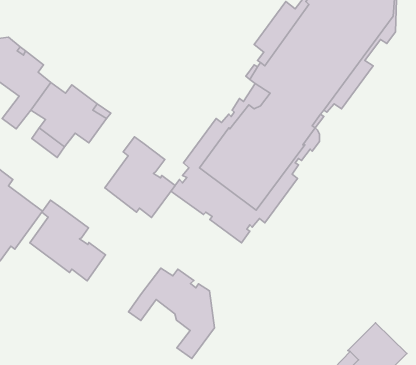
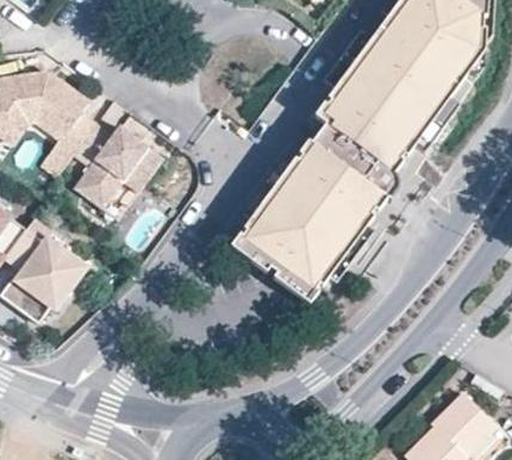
building: [105,137,175,217] -> none
building: [30,200,106,281] -> none
building: [129,268,214,359] -> none

